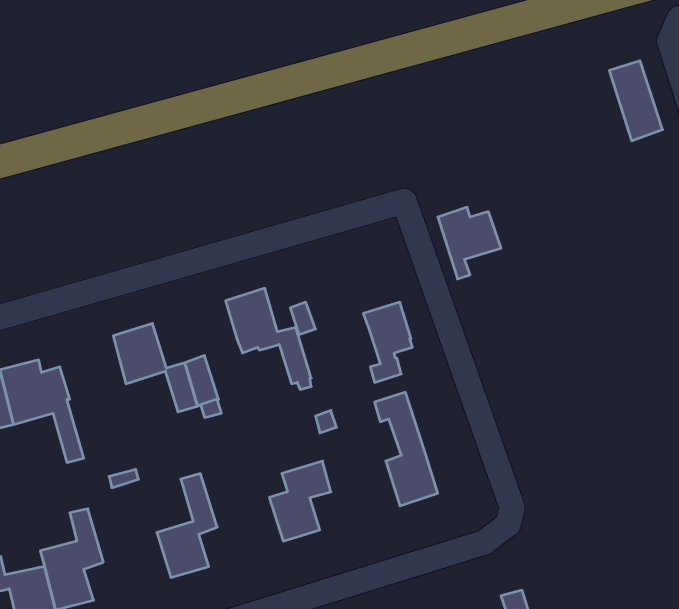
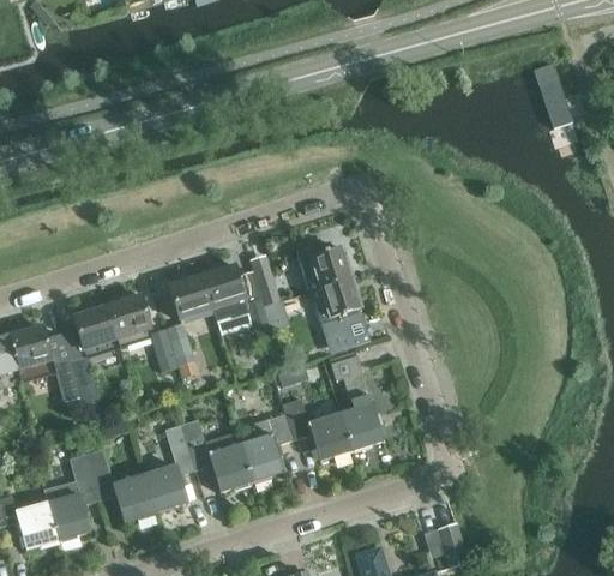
building: [438,207,501,279] -> [297,241,351,302]
building: none -> [169,275,212,318]
building: none -> [61,305,118,407]
building: none -> [282,396,351,460]
building: none -> [181,418,252,491]
building: none -> [85,448,156,521]

